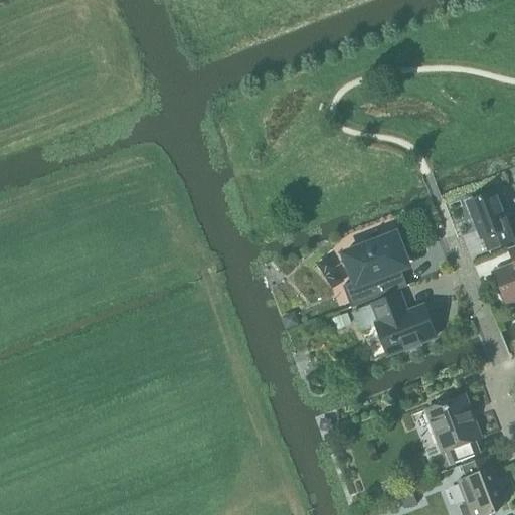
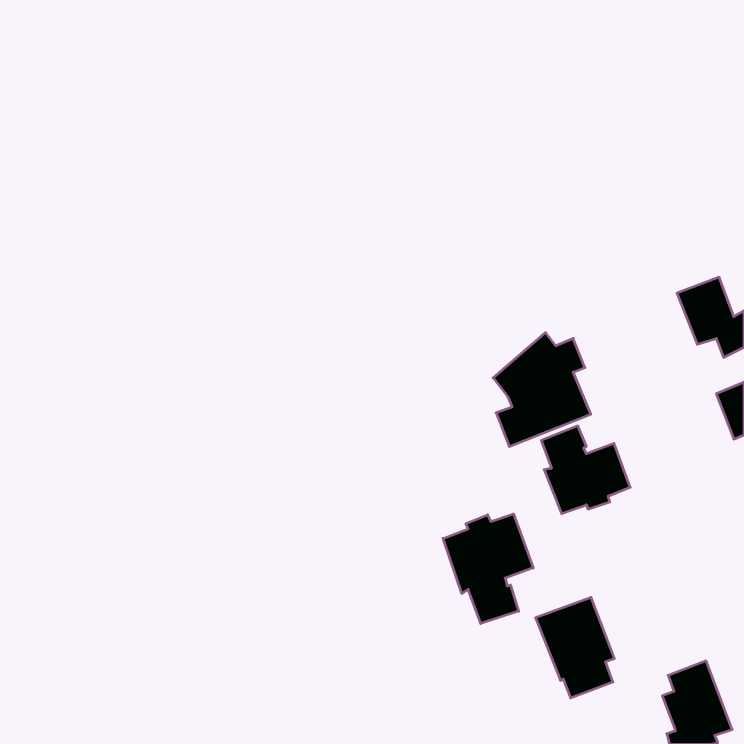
building: none -> [443,514,533,624]
building: [425,395,480,465] -> [536,597,614,698]

